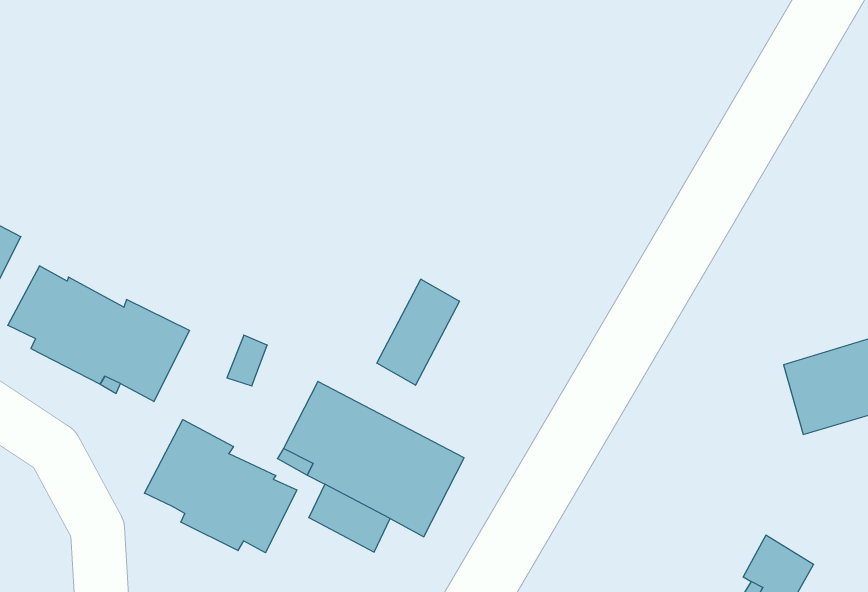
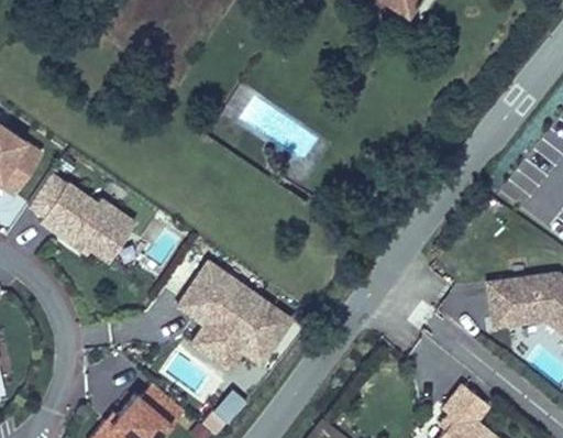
building: [377,279,459,385] -> none
building: [144,420,297,553] -> none

